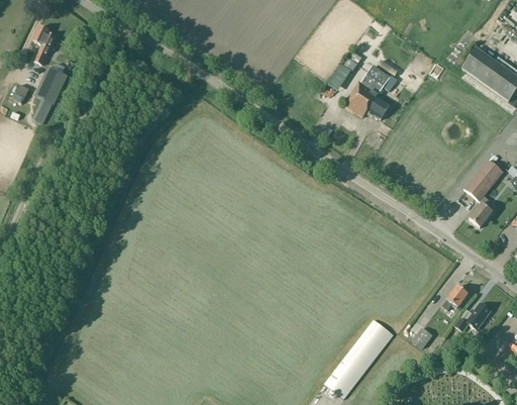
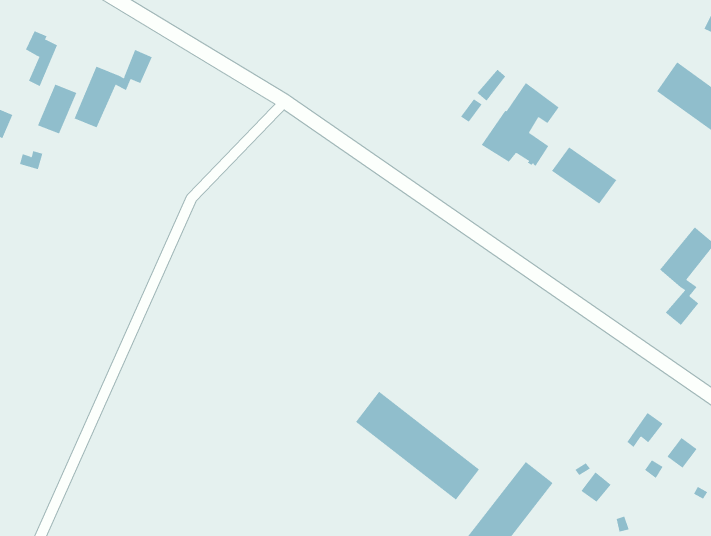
building: none -> [74,49,153,128]
building: none -> [551,147,617,205]
building: none -> [355,391,480,501]

